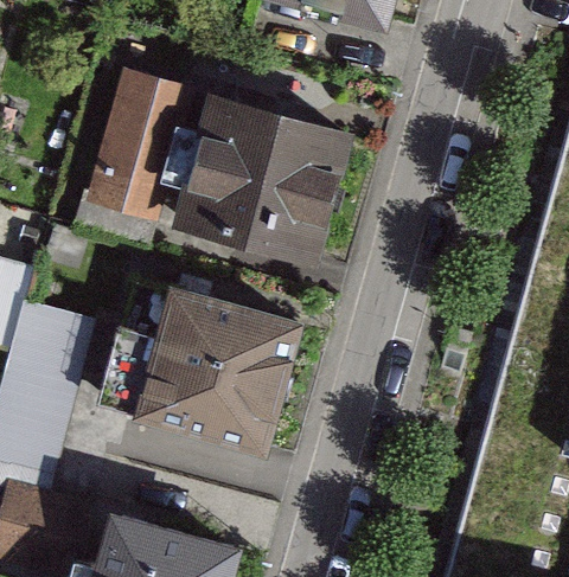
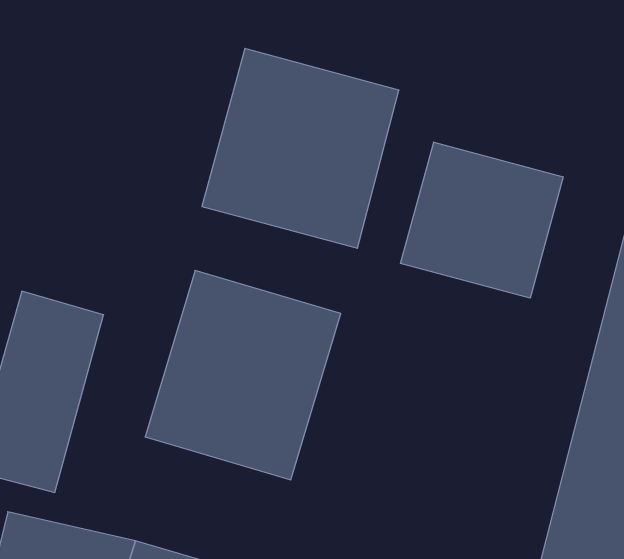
building: [83,72,191,226] -> none
building: none -> [401,142,563,298]

